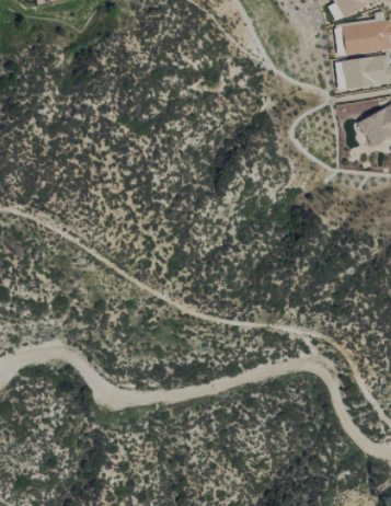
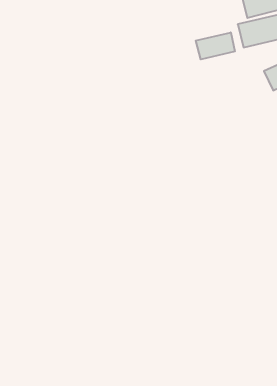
building: none -> [196,32,235,59]

